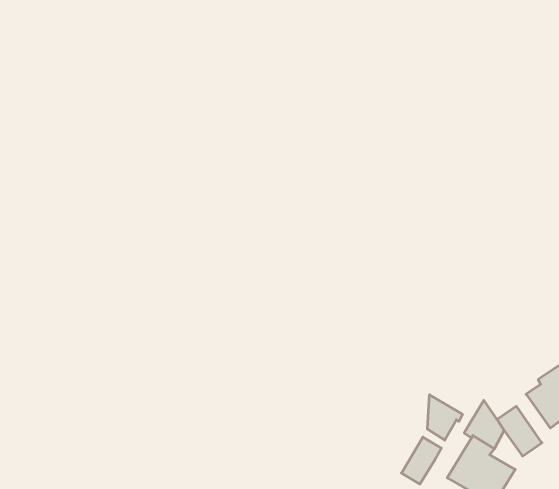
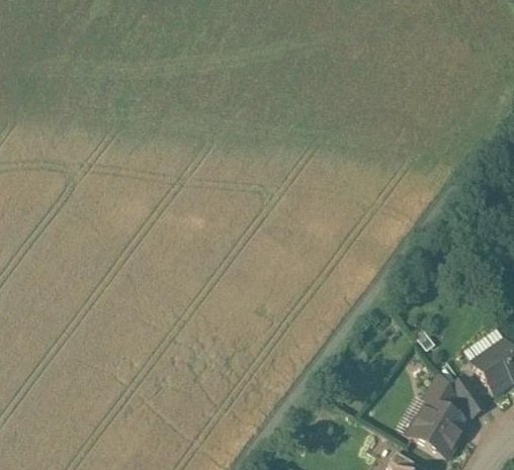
building: [427,395,462,440] -> none
building: [401,437,441,484] -> none

